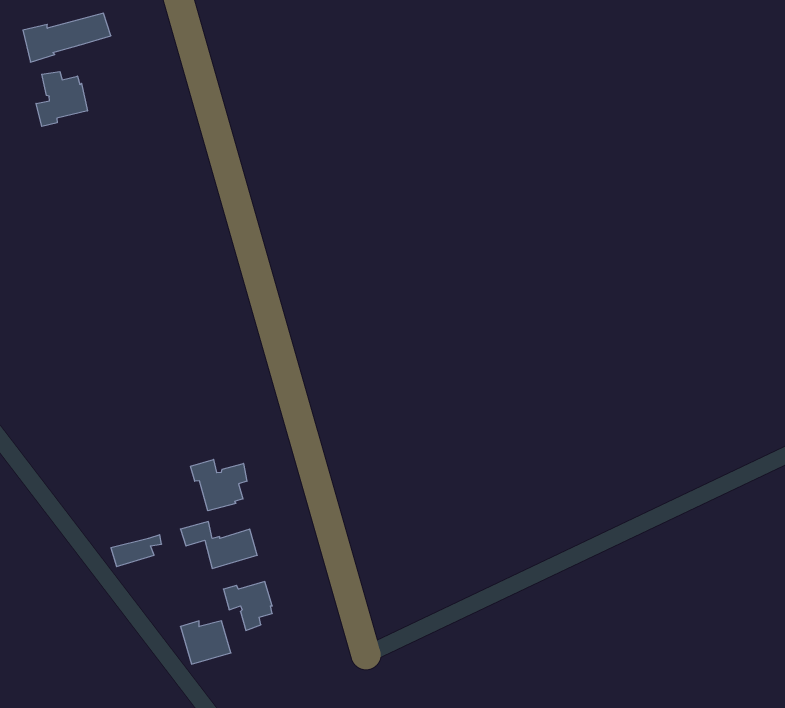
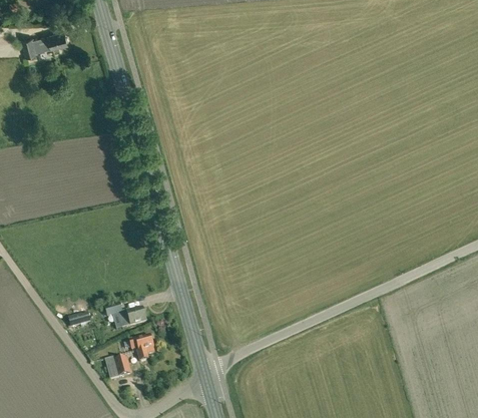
building: [36,72,87,126] -> none
building: [190,459,247,511] -> none

